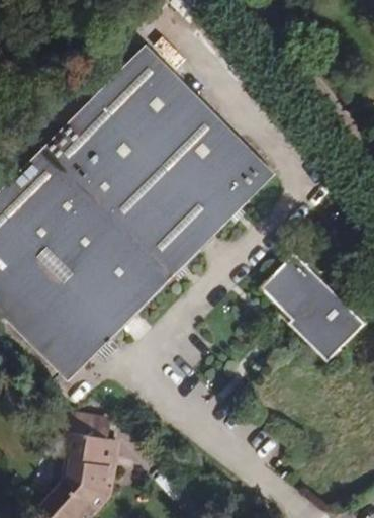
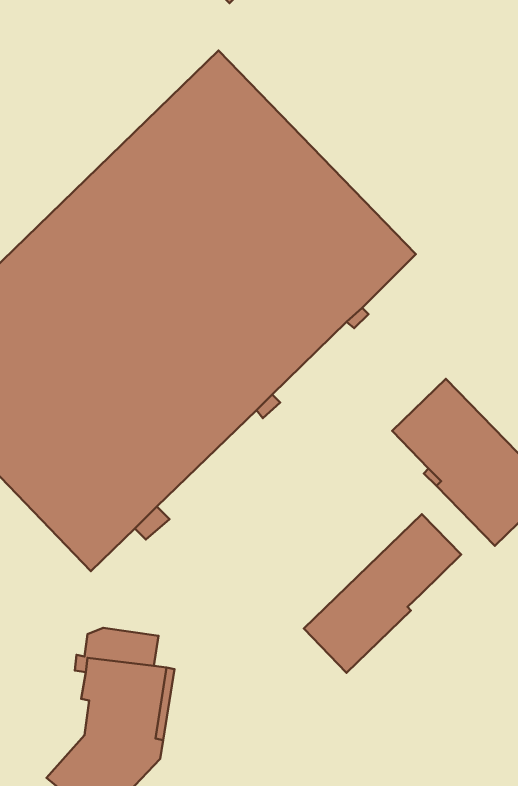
building: none -> [304,514,461,673]

